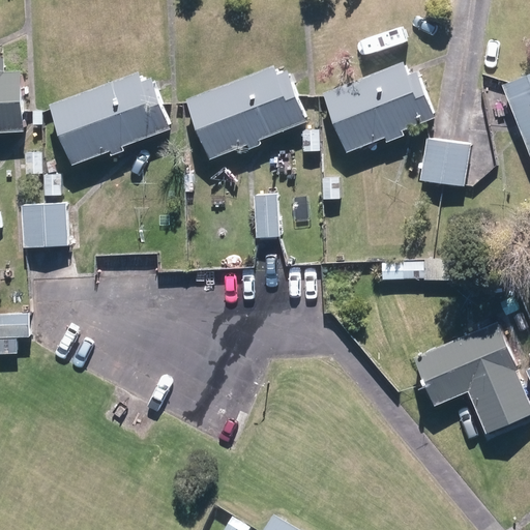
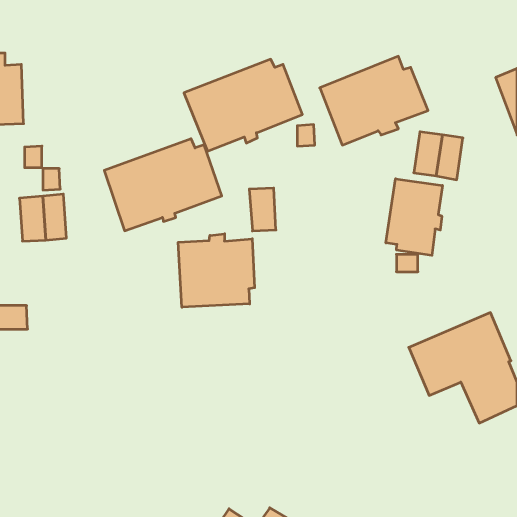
building: [51,71,170,165] -> [104,139,222,231]
building: none -> [386,179,442,255]
building: none -> [178,234,255,307]

